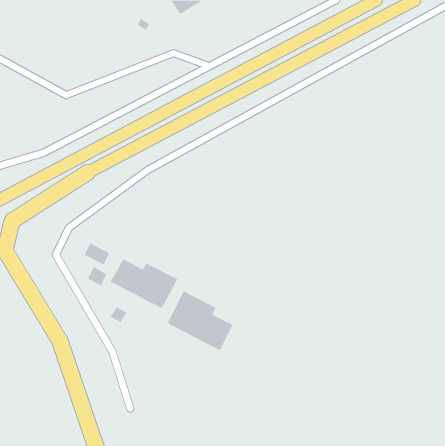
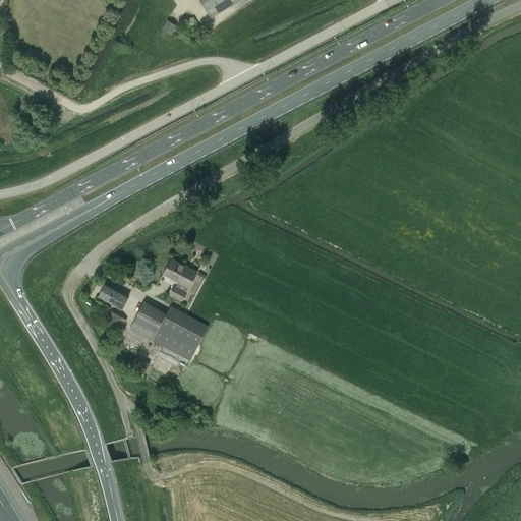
building: none -> [163,258,195,299]
building: [167,290,233,351] -> none

